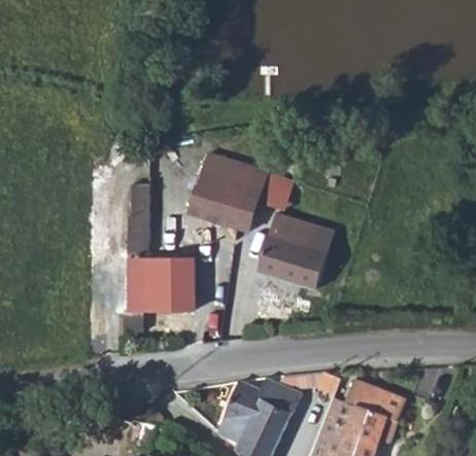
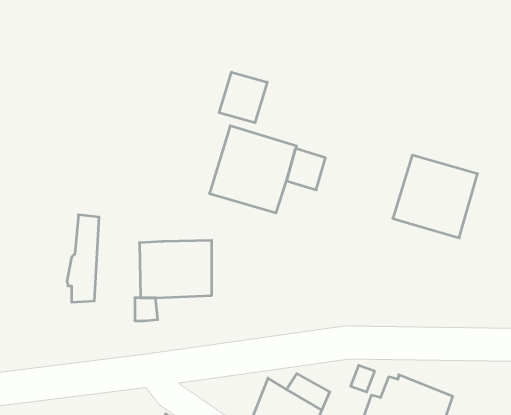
building: none -> [219,72,267,123]
building: [122,181,150,259] -> [67,215,99,302]
building: [258,214,334,288] -> [393,155,478,238]

